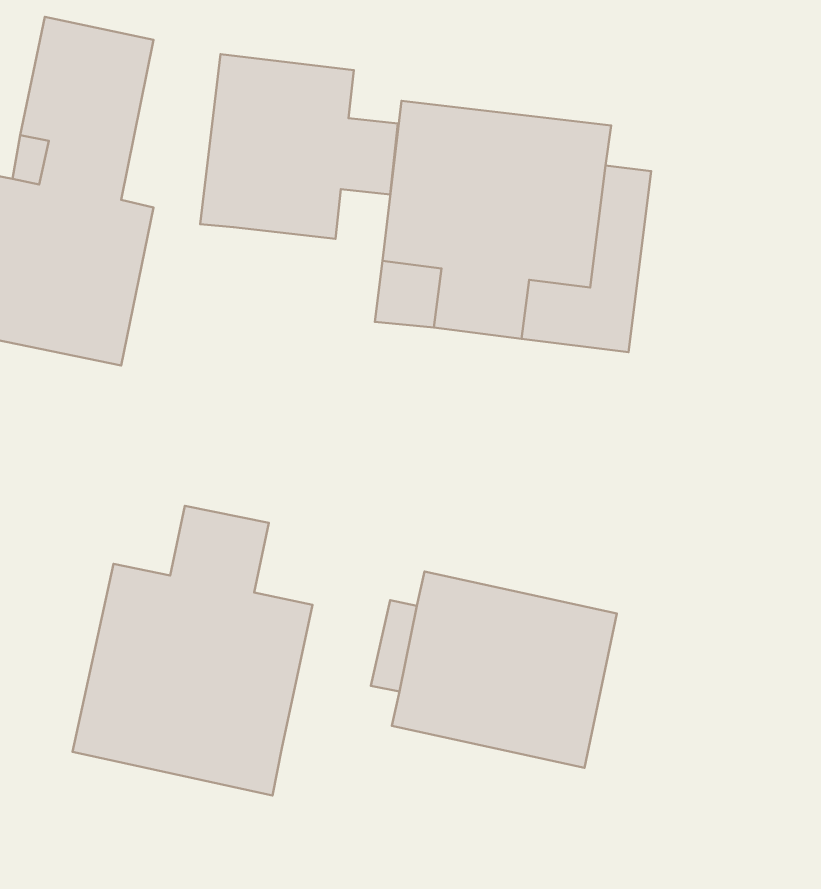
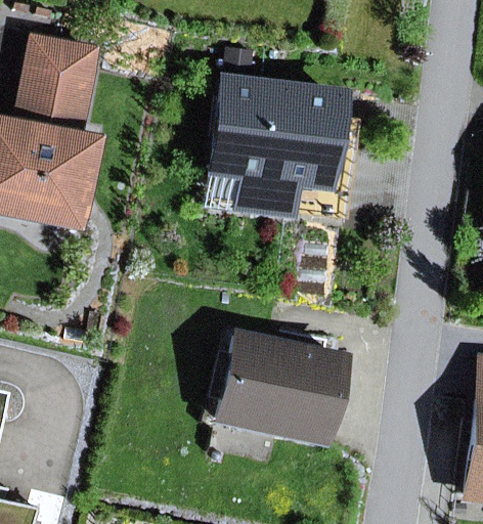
building: [200,54,398,239] -> none
building: [73,506,312,795] -> none

